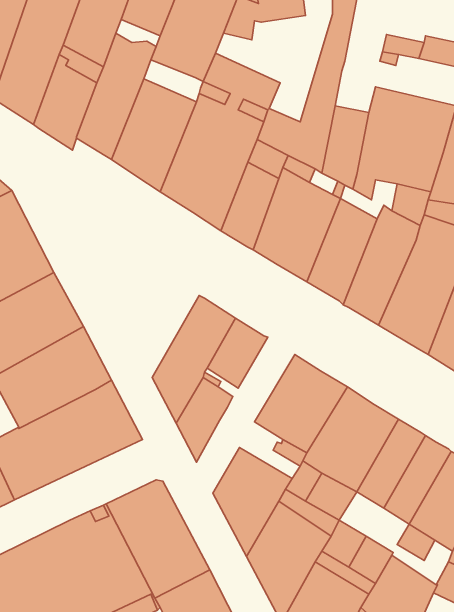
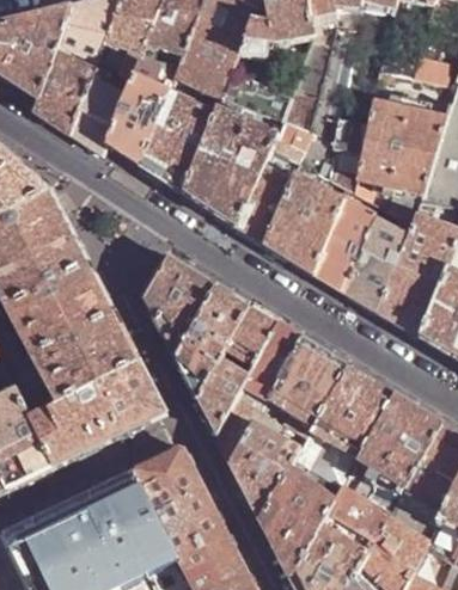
building: none -> [142,254,218,358]
building: none -> [243,322,303,398]
building: none -> [215,397,259,461]

